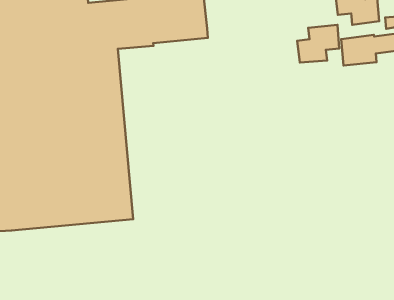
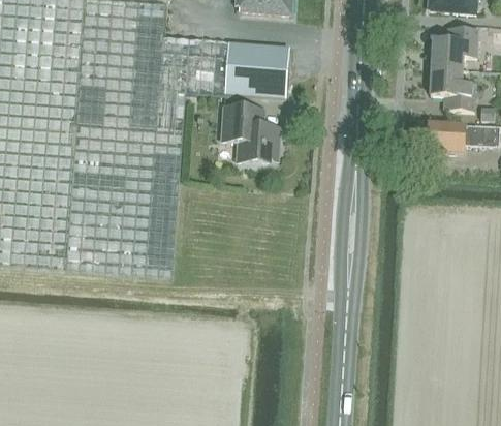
building: [297,25,339,63] -> none
building: none -> [221,108,277,163]

